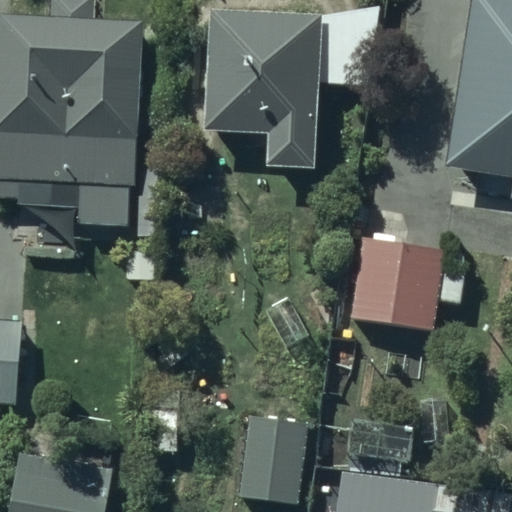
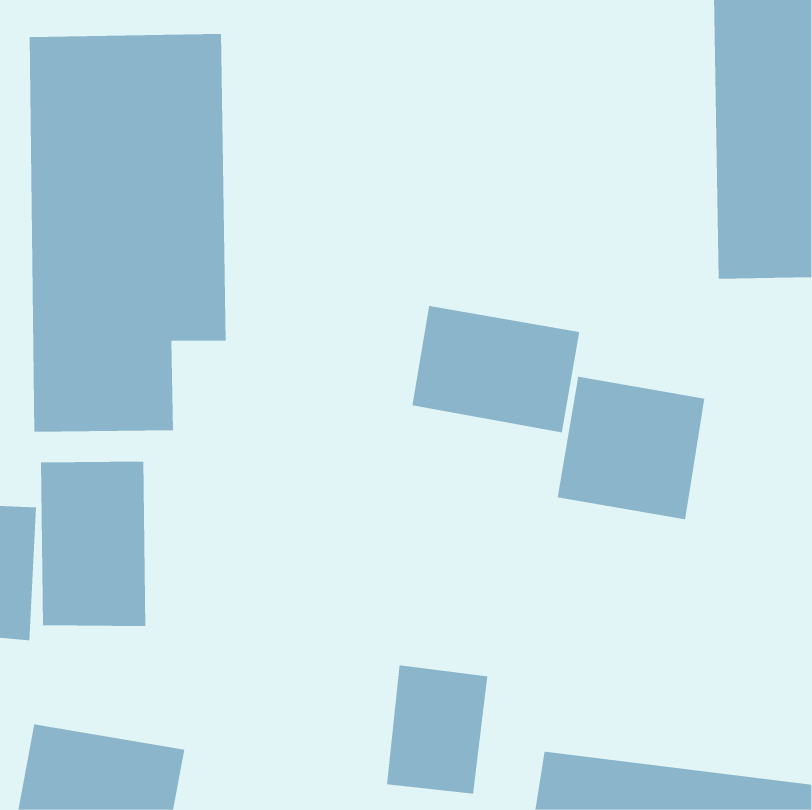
building: [192,12,336,152] -> none
building: none -> [412,305,580,433]
building: none -> [40,461,146,627]

